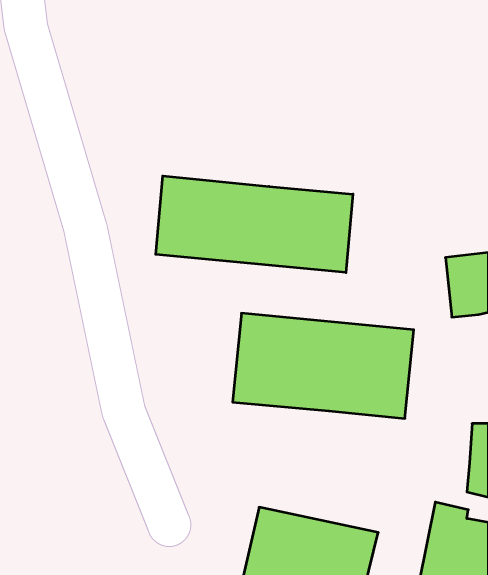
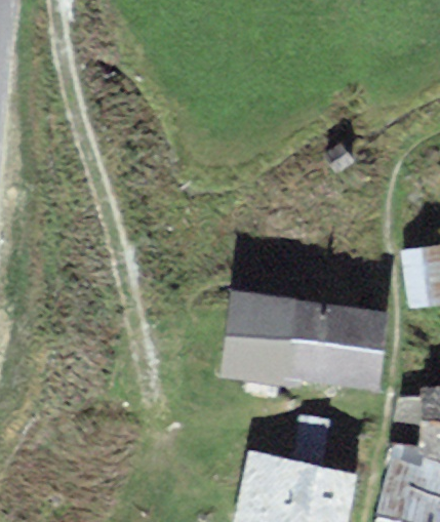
building: [156,176,353,273] -> none

